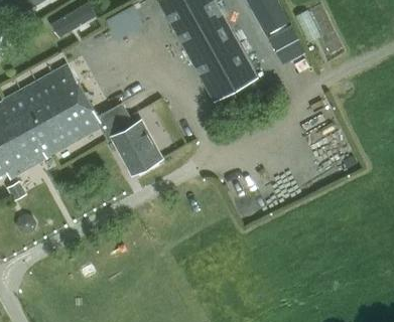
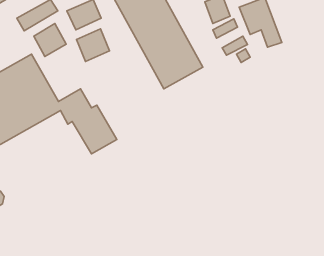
building: none -> [34,24,66,57]
building: none -> [77,29,109,61]

